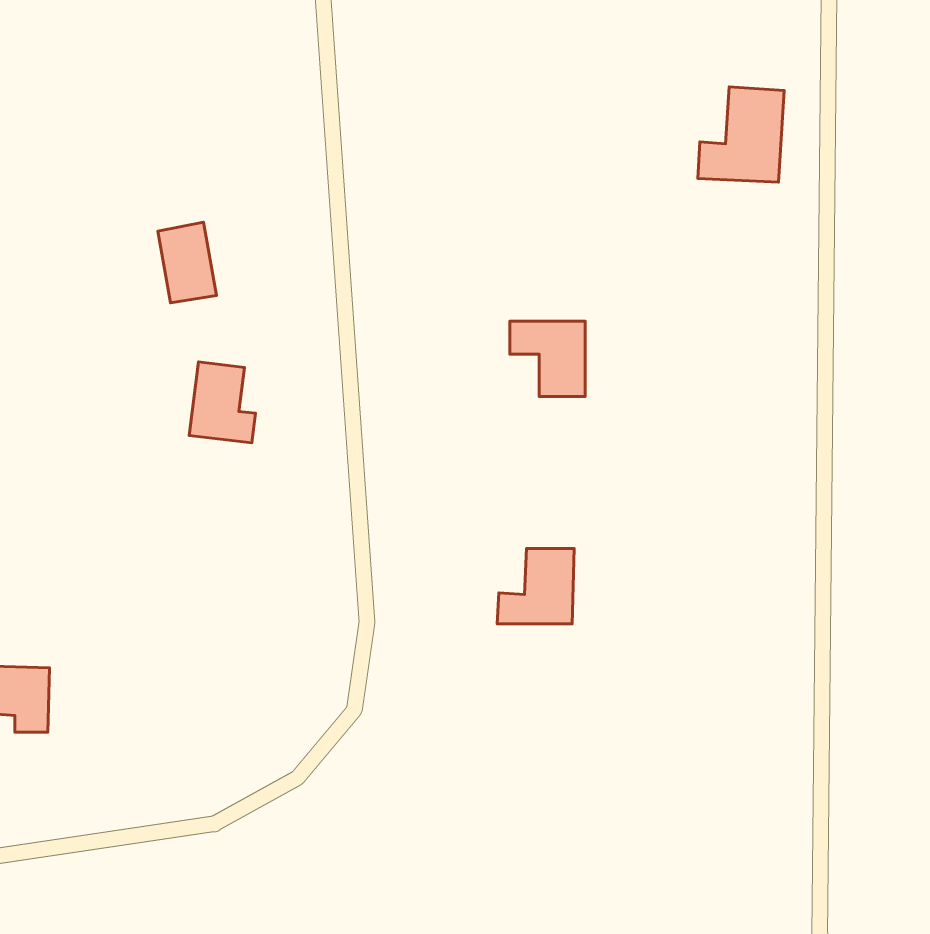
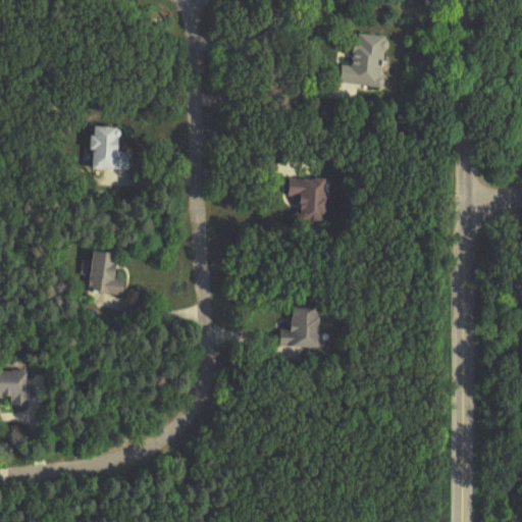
building: [698,87,784,182] -> [335,33,383,86]
building: [189,362,255,443] -> [87,251,123,296]

